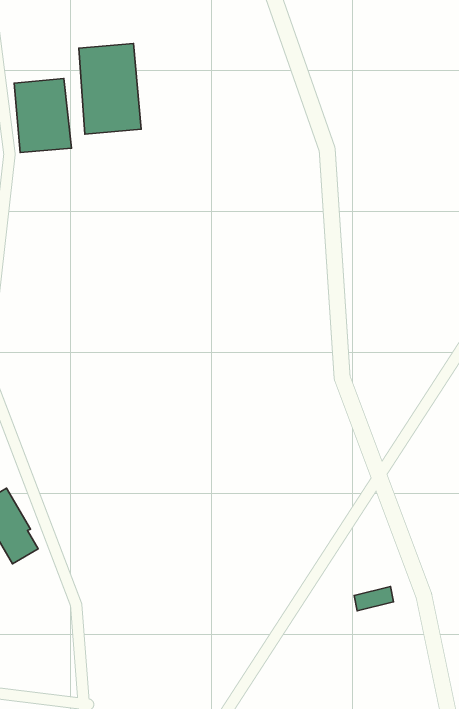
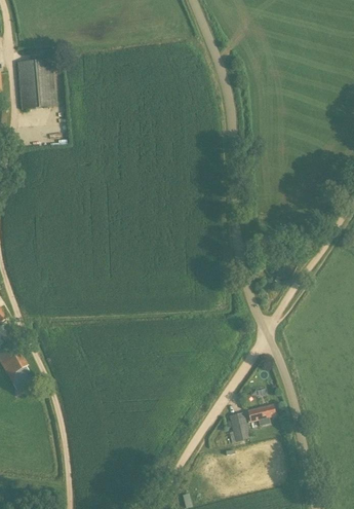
building: [79,44,141,134] -> none
building: none -> [229,411,250,441]

